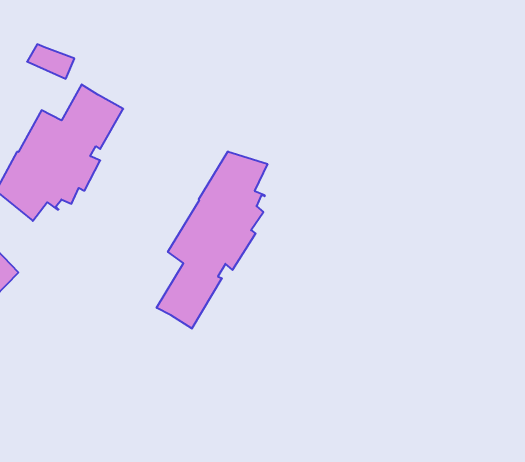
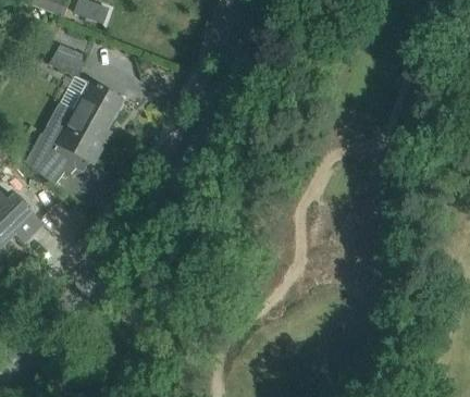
building: [157,151,267,329] -> none

